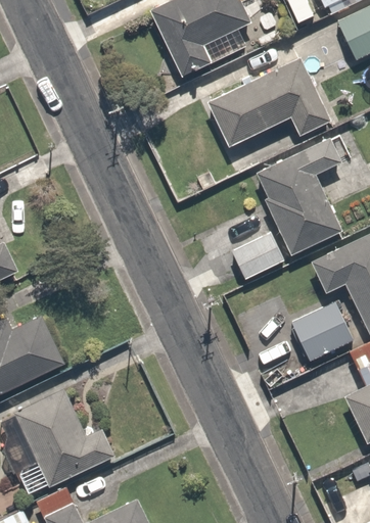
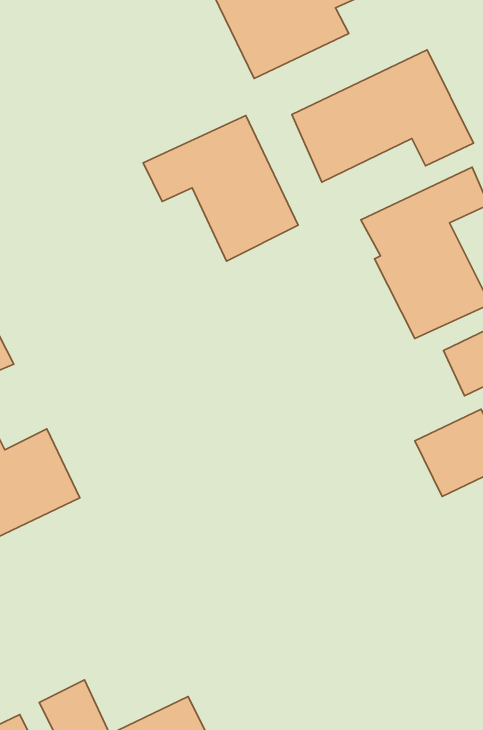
building: none -> [143,115,298,261]
building: [231,233,285,280] -> none
building: [13,388,114,494] -> none

